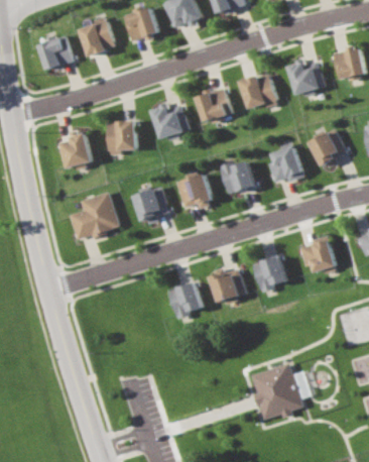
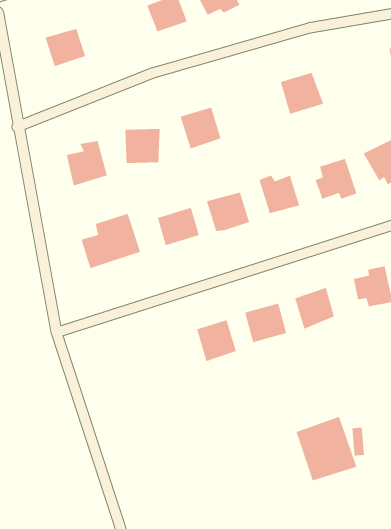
building: [81,19,117,56] -> none
building: [285,62,322,94] -> none
building: [197,89,231,121] -> none

